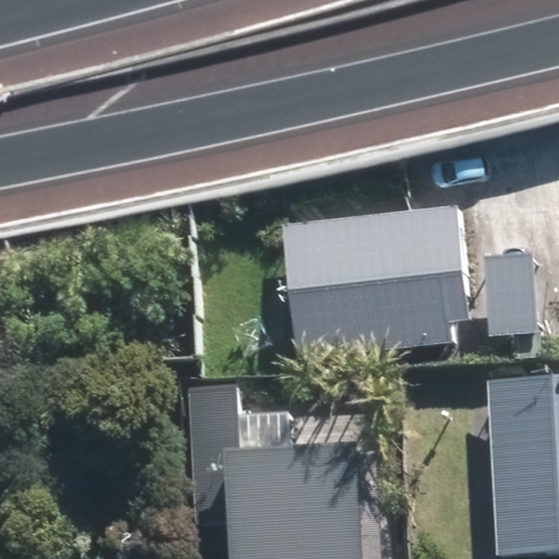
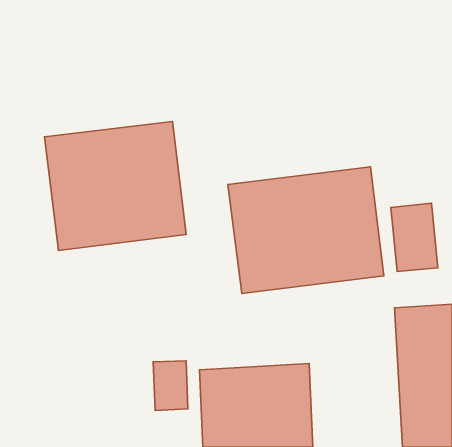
building: none -> [44,122,186,251]

